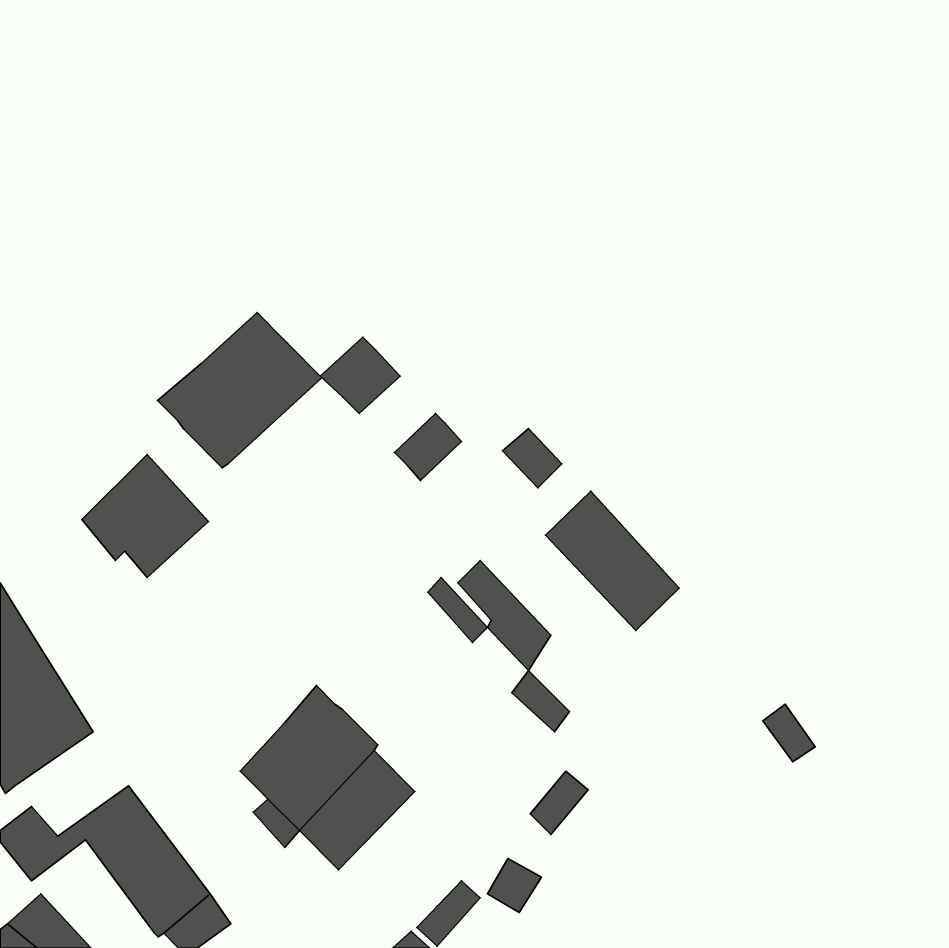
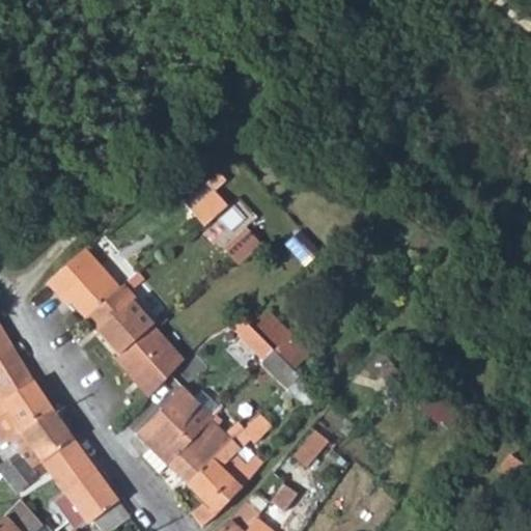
building: [157,313,322,468] -> none
building: [546,491,679,630] -> none
building: none -> [83,287,183,402]
building: none -> [9,408,73,466]
building: none -> [190,428,264,524]

